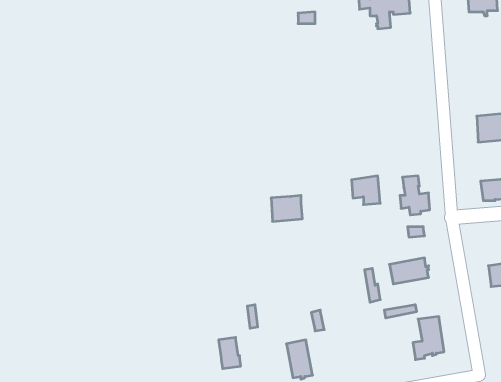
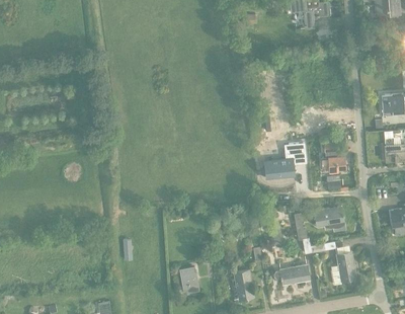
building: [271,195,302,221] -> [269,158,294,178]
building: none -> [273,264,309,285]

